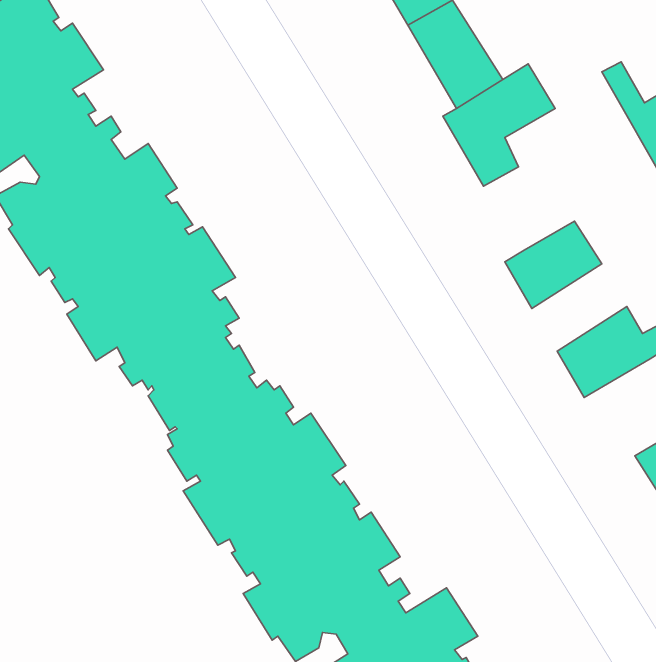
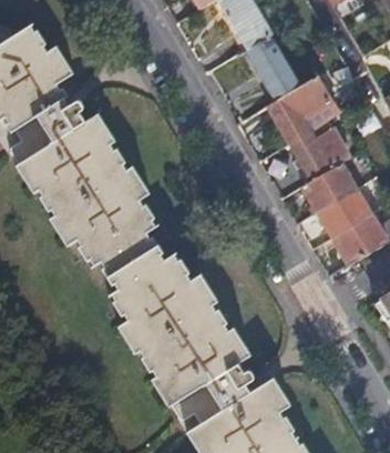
building: none -> [290,122,347,179]
building: none -> [318,187,372,236]

